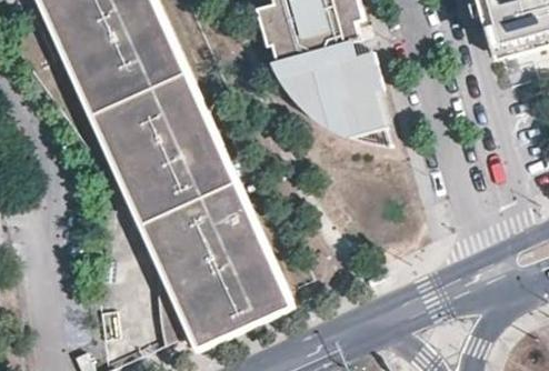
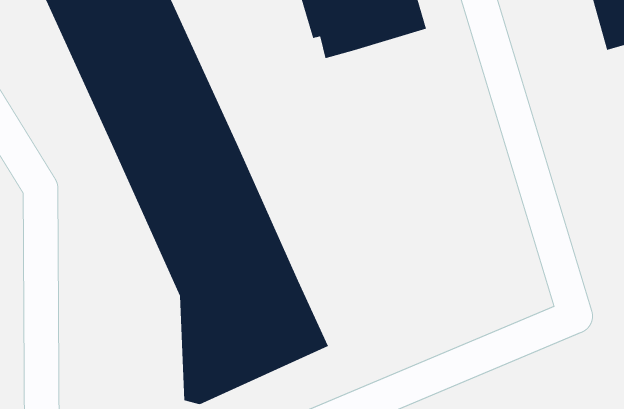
building: [281,51,387,136] -> none

